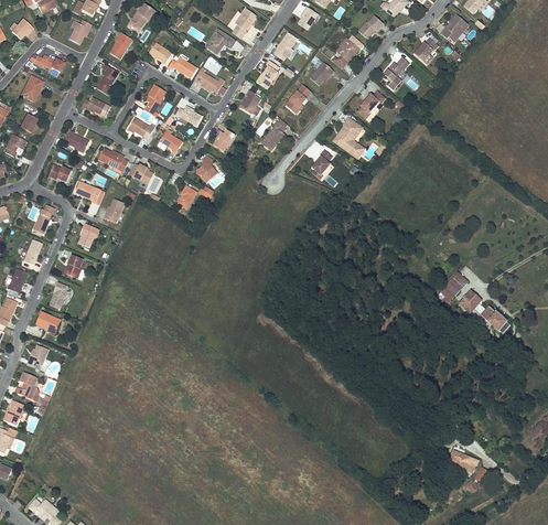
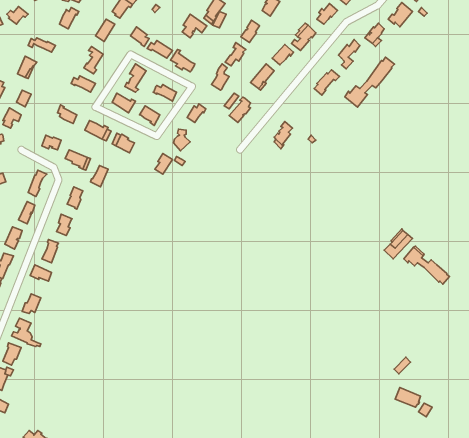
building: none -> [345,57,395,107]
building: [333,117,364,158] -> none

